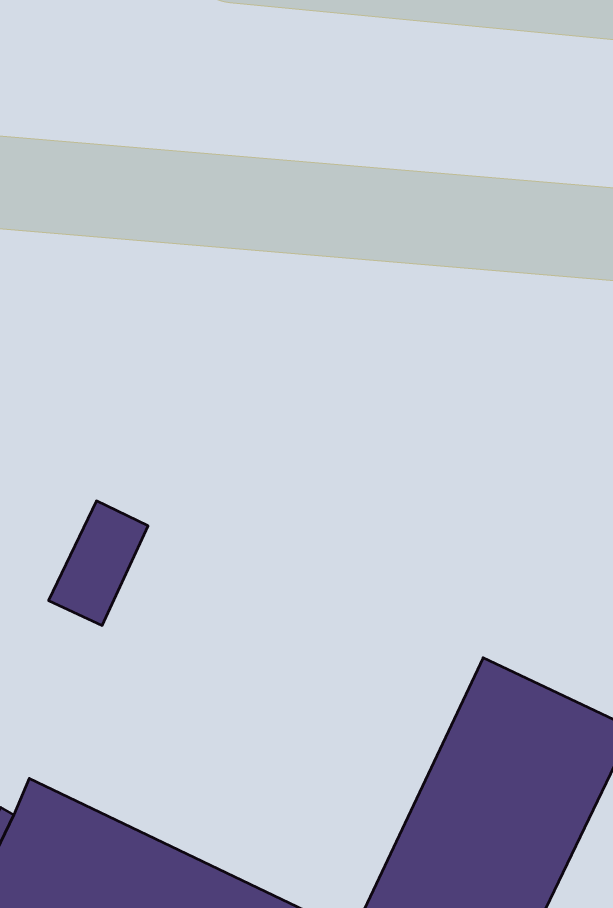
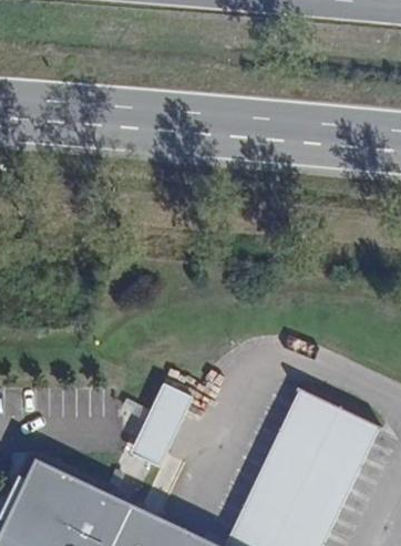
building: [49,501,148,625] -> [136,384,194,456]

